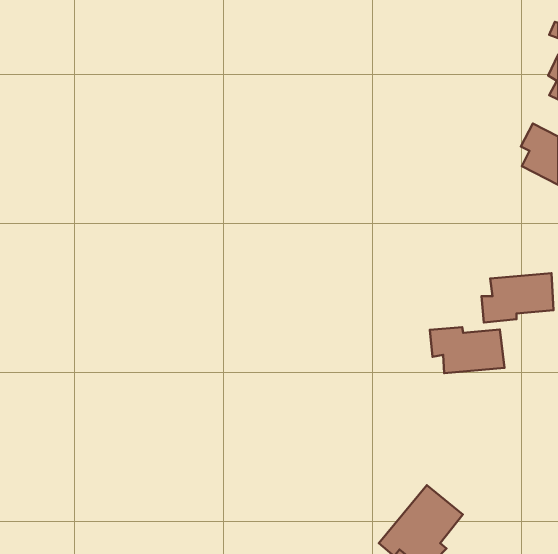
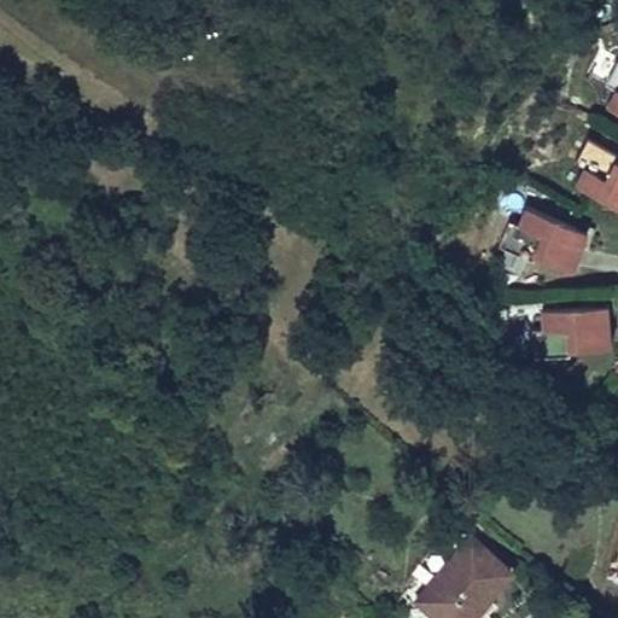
building: none -> [500,211,589,273]
building: [430,327,504,373] -> none

